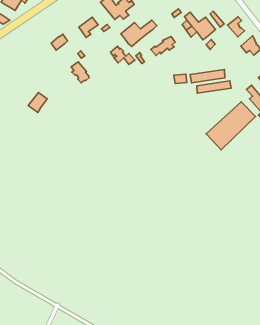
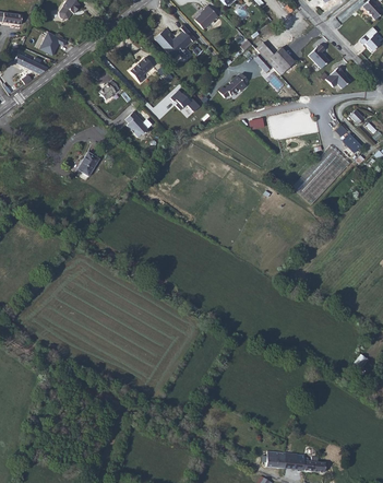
building: [121,20,157,47] -> none

